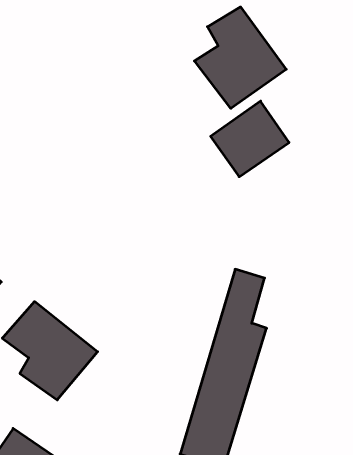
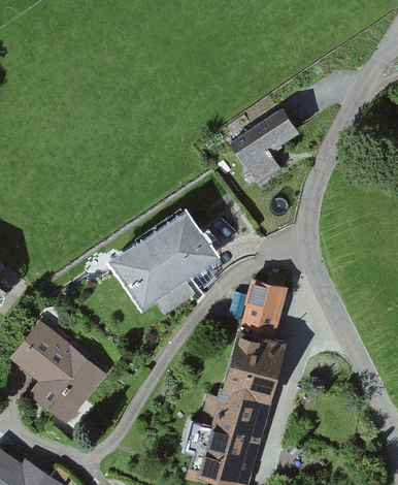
building: [194,7,286,108] -> none
building: none -> [112,217,218,318]

